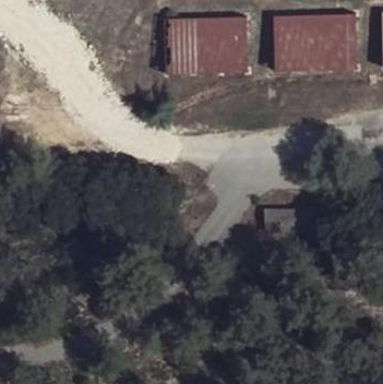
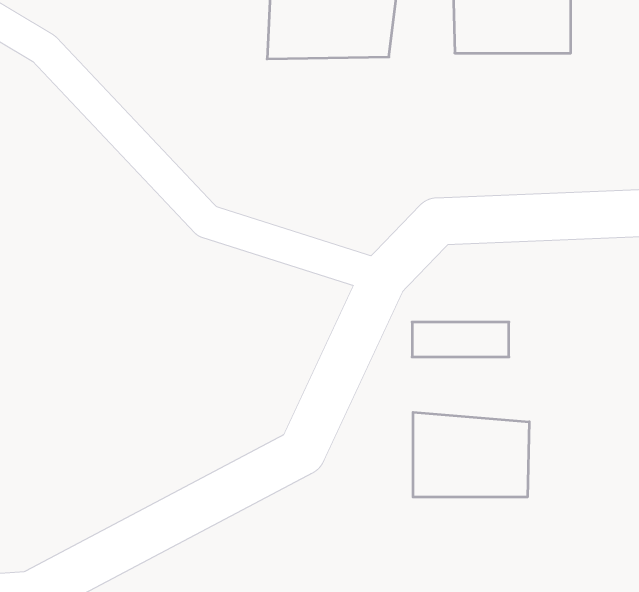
building: none -> [413,412,529,497]

